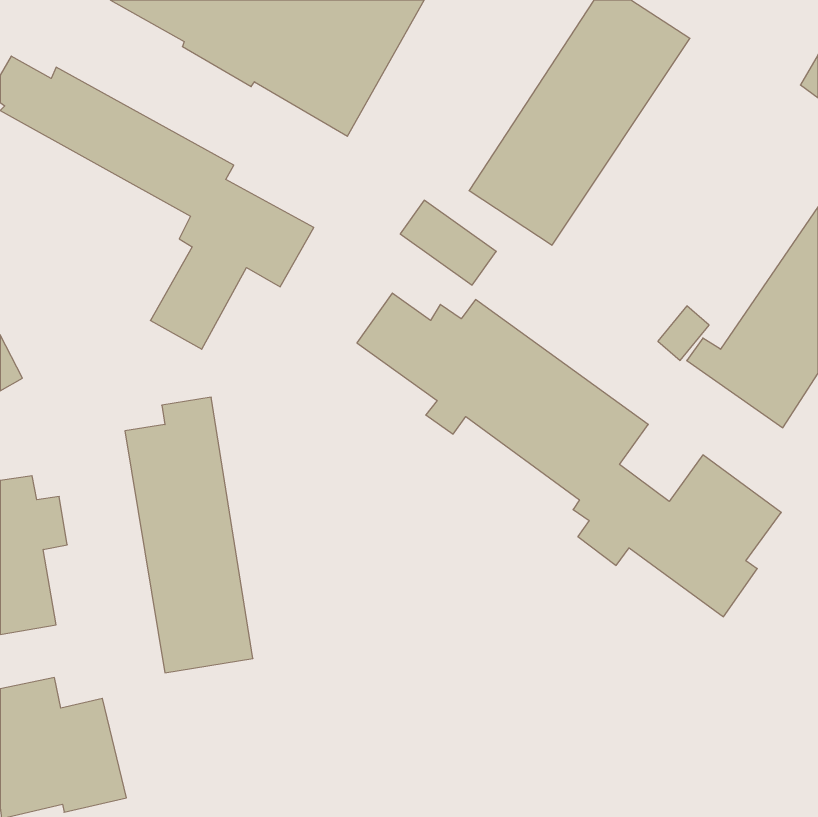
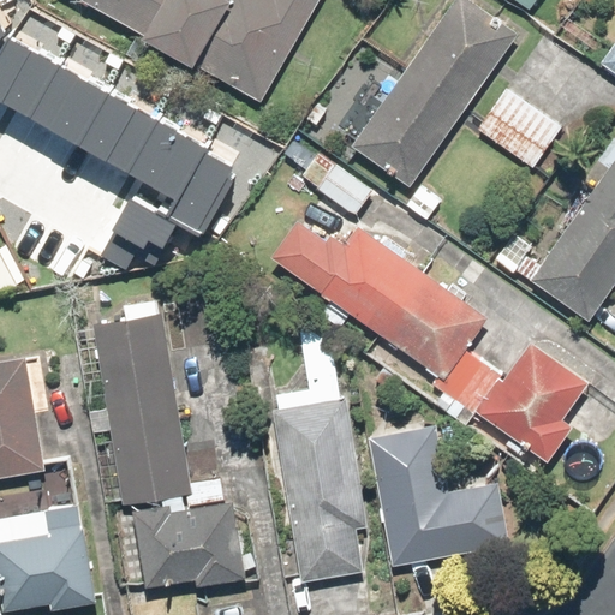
building: none -> [478,88,560,166]
building: none -> [269,321,365,583]
building: none -> [369,425,507,567]
building: none -> [132,479,255,587]

